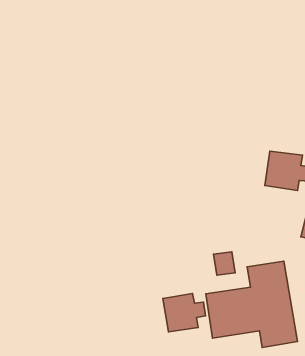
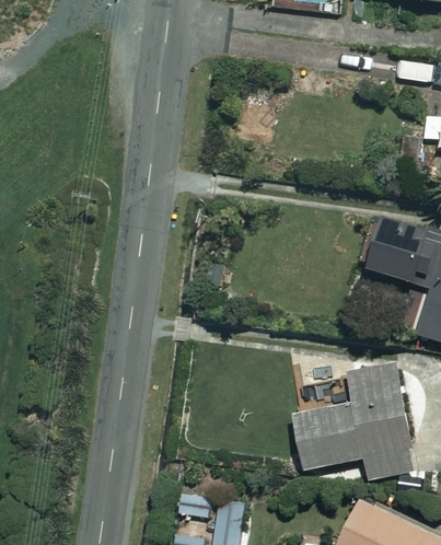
building: [163,293,206,332] -> none

